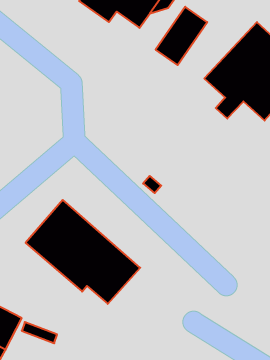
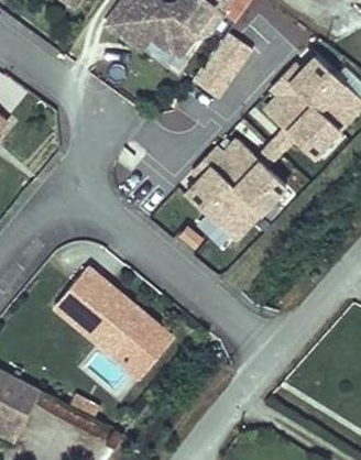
building: none -> [180,136,293,250]

